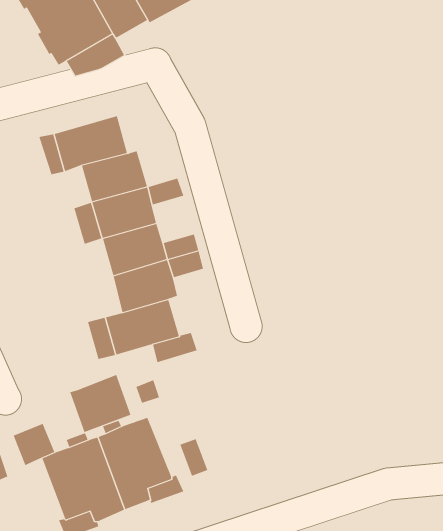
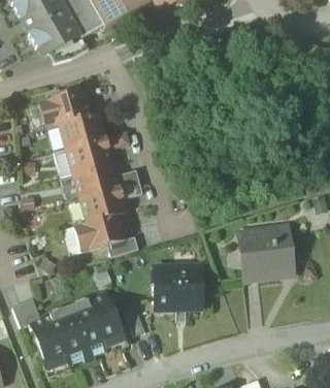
building: none -> [239,225,294,277]
building: [69,374,131,433] -> none
building: none -> [154,264,201,308]

